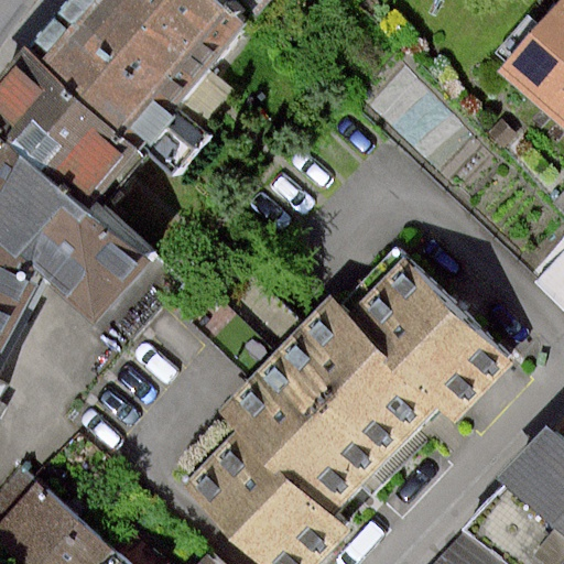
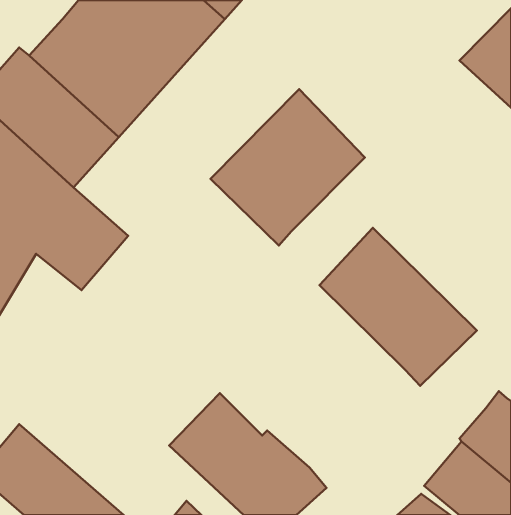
building: none -> [210,89,365,245]
building: [221,295,443,511] -> none

